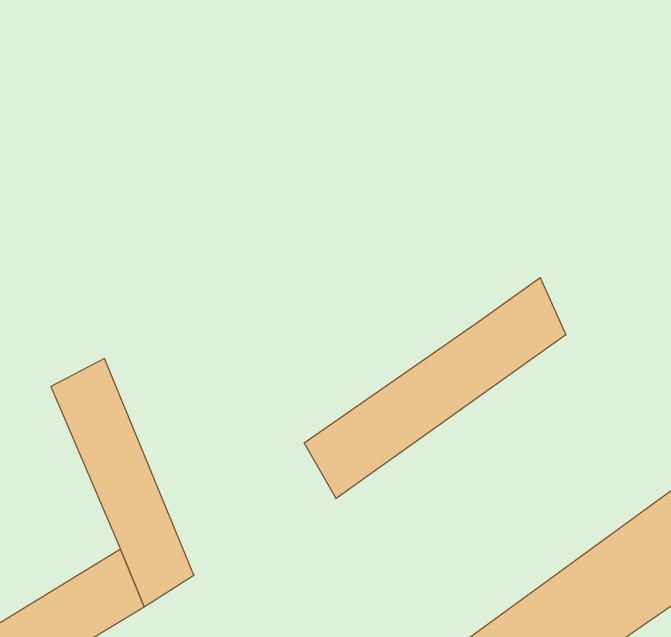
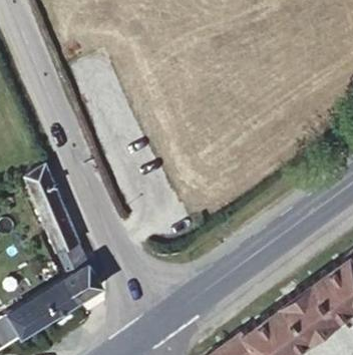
building: [304,278,566,499] -> none
building: none -> [12,165,57,205]

